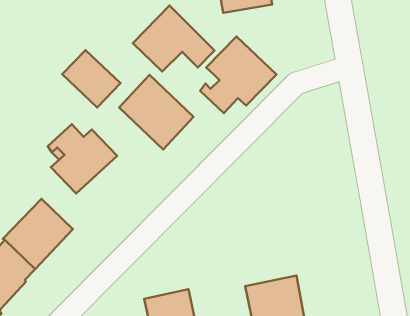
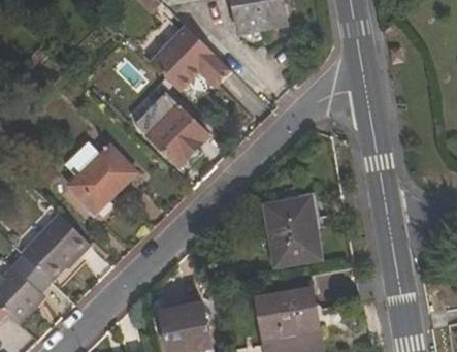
building: [200,36,276,113] -> none
building: [62,50,120,107] -> none
building: none -> [266,199,319,265]

